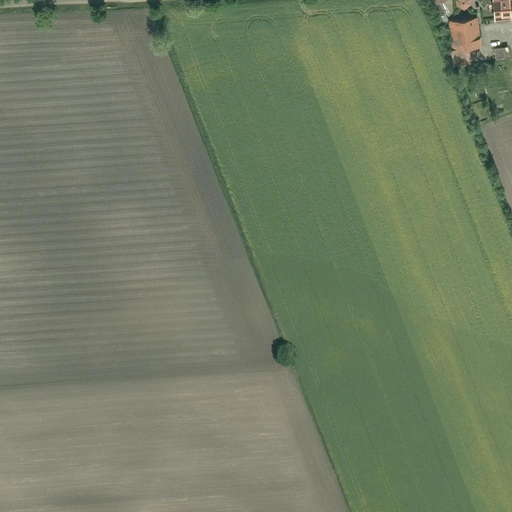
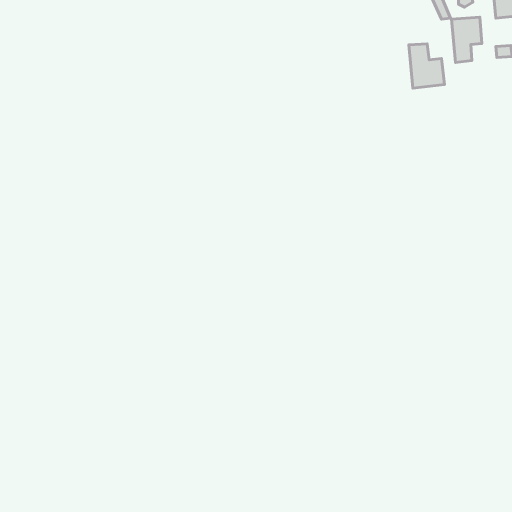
building: none -> [409,44,444,88]

